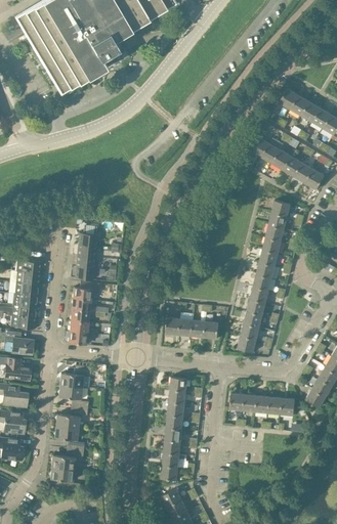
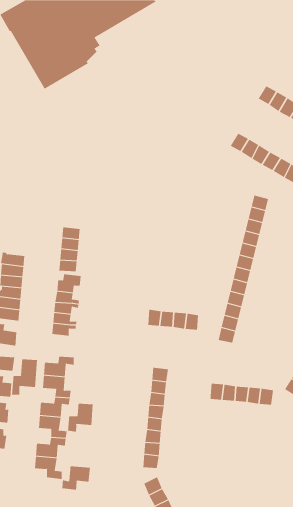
building: none -> [11,358,37,396]
building: none -> [67,403,93,433]
building: none -> [62,465,91,491]

